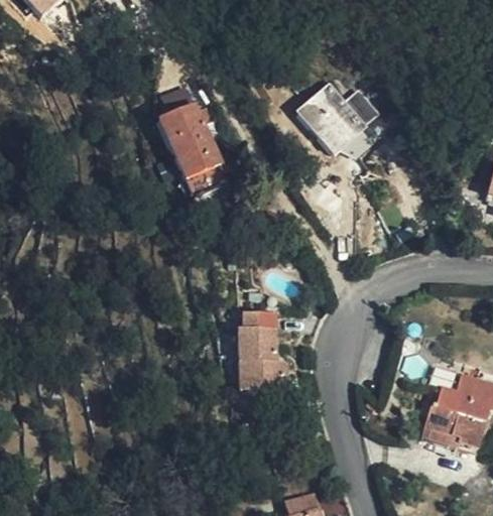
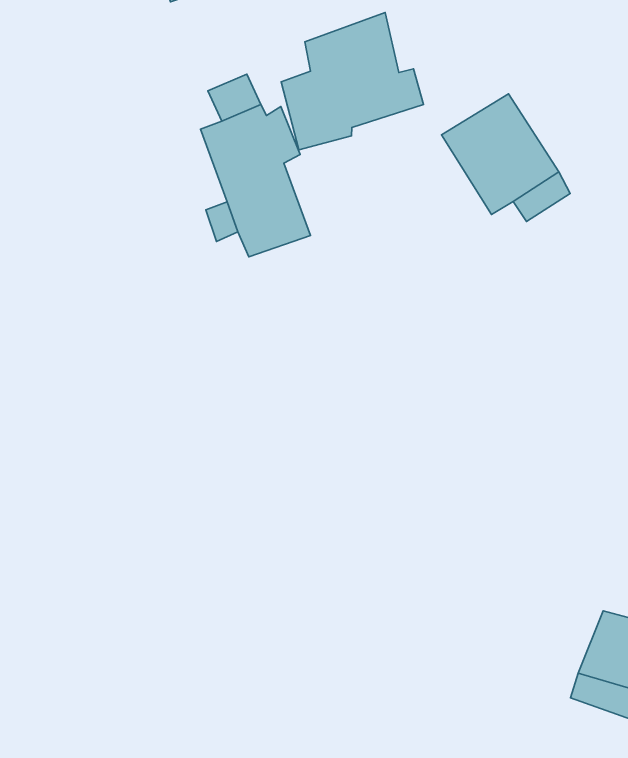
building: none -> [281,13,423,150]
building: [234,320,280,402] -> none

